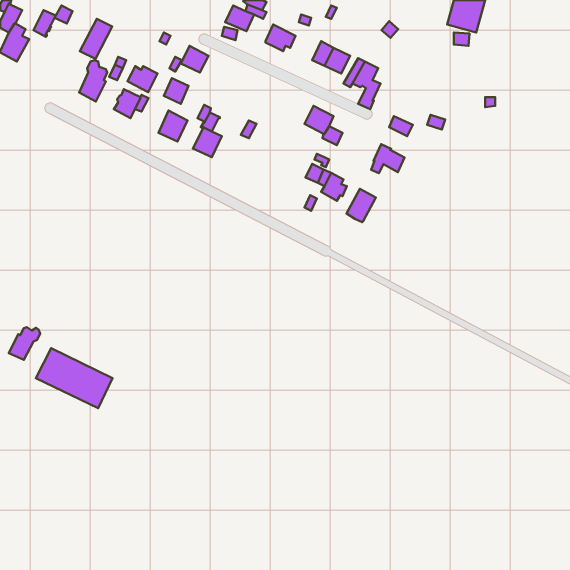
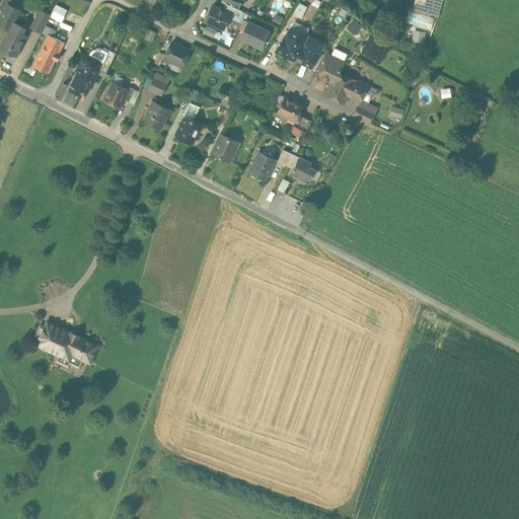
building: [80,19,112,59] -> [33,35,63,72]
building: [128,66,157,92] -> none
building: [371,144,405,173] -> [337,76,367,102]
building: none -> [212,133,240,161]
building: none -> [248,151,276,179]
building: [346,189,376,222] -> none
building: [9,327,40,360] -> none

